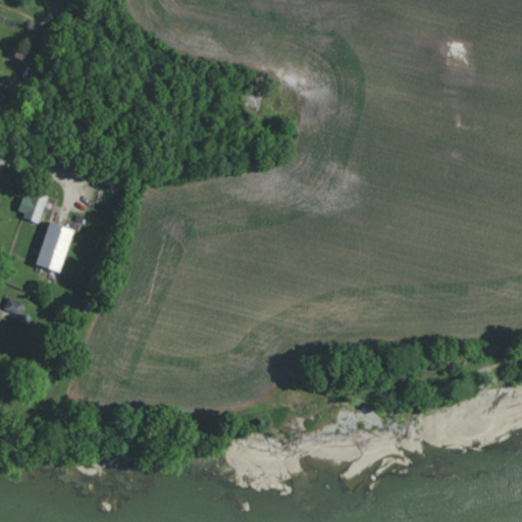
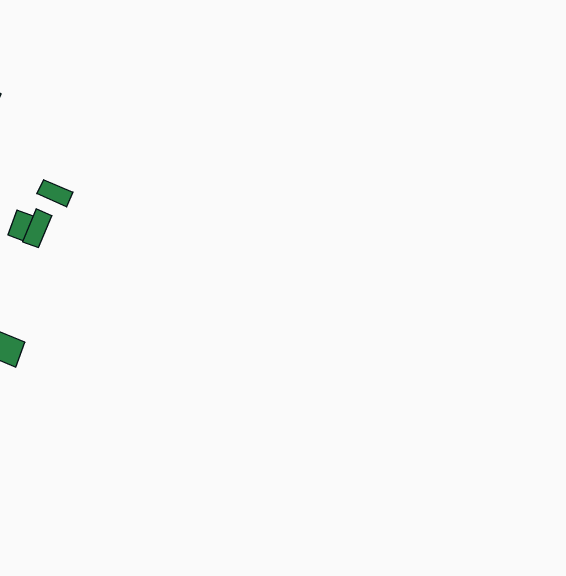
building: none -> [37,180,73,207]
building: [40,233,65,268] -> none

